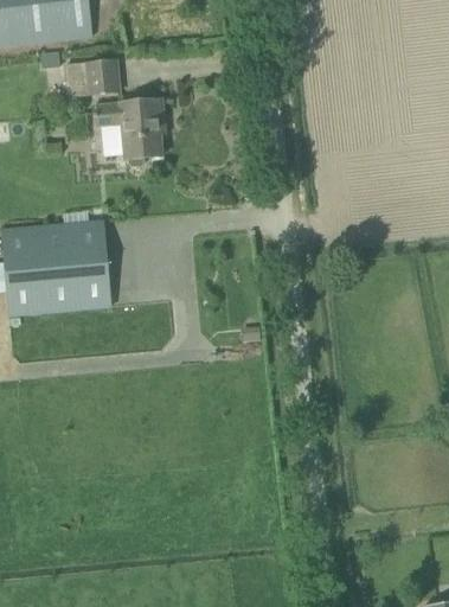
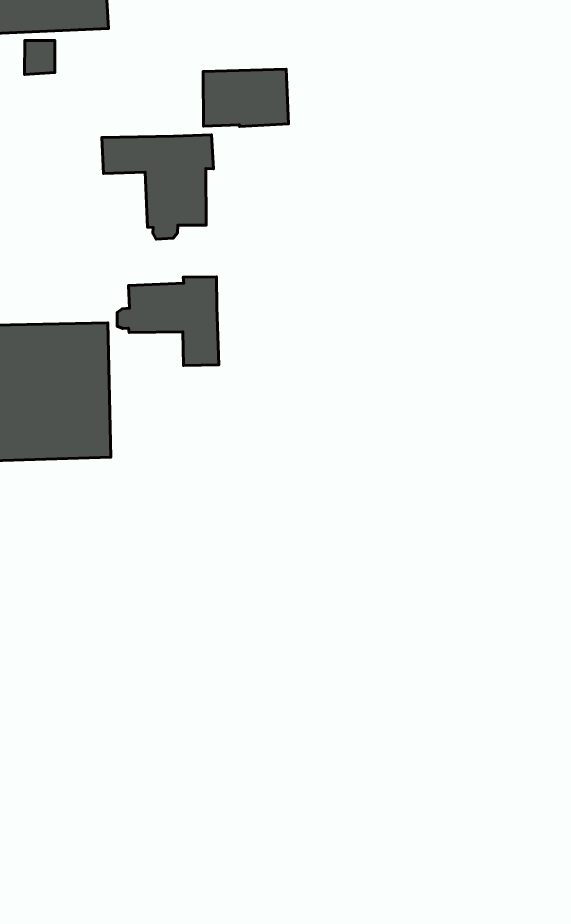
building: [64,58,120,97] -> [203,69,289,127]
building: none -> [117,277,219,365]

